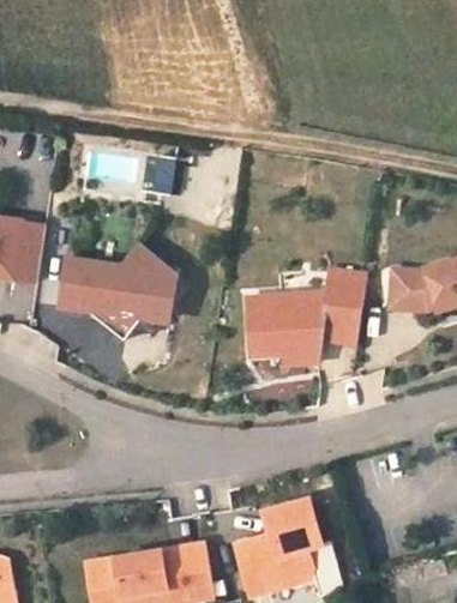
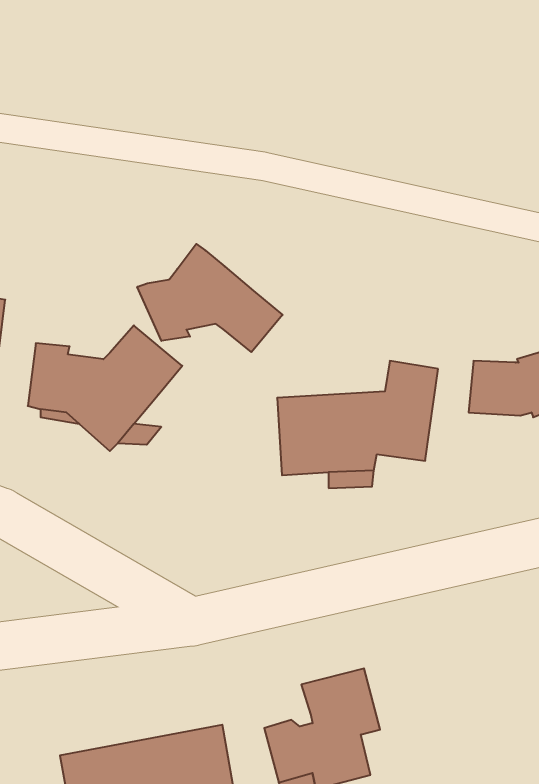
building: none -> [137,244,283,352]

